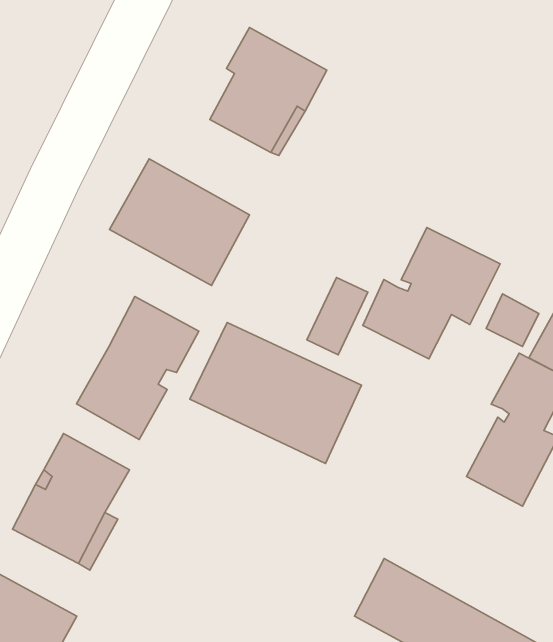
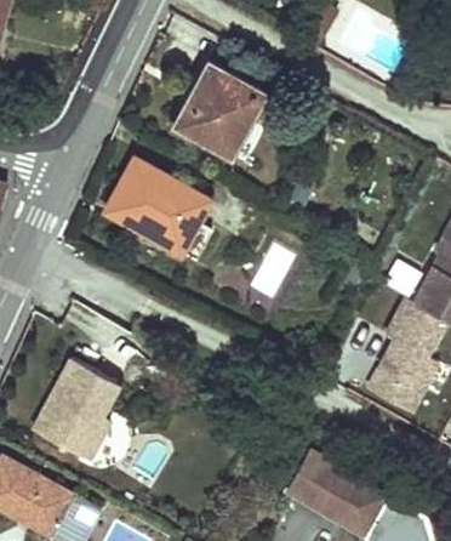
building: [363,228,500,359] -> none
building: [77,297,199,439] -> none
building: [190,322,362,463] -> none

